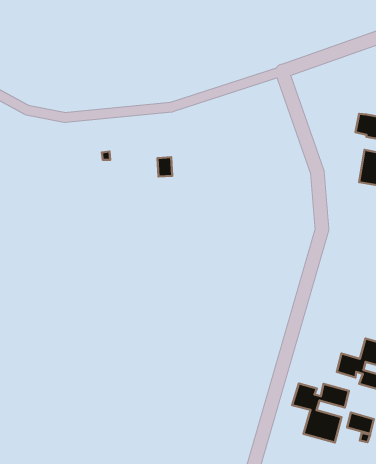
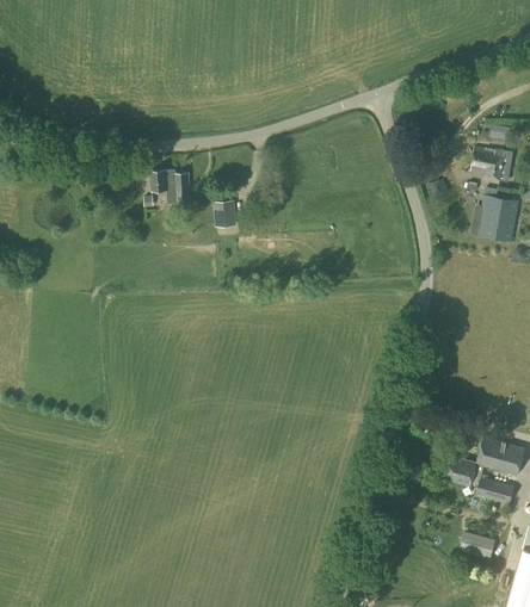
building: none -> [152,169,190,205]
building: [292,384,349,443] -> none

